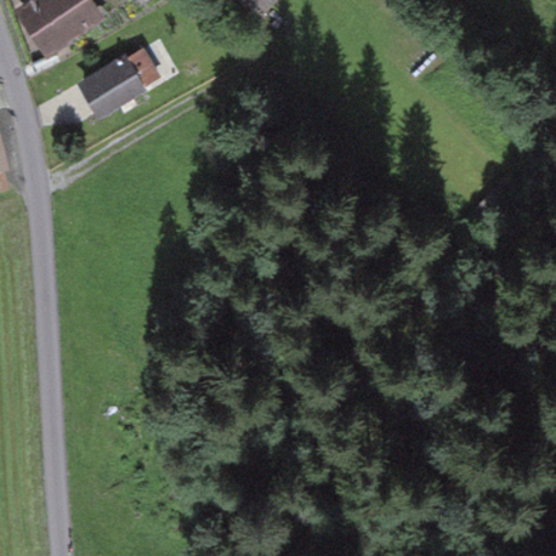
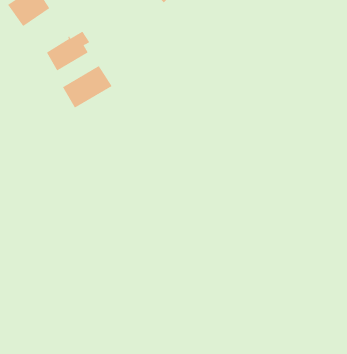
building: none -> [62,65,113,109]

